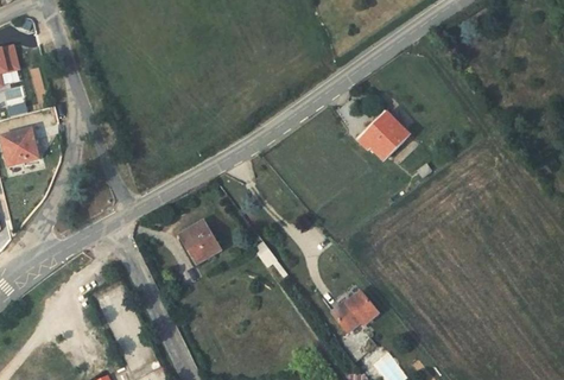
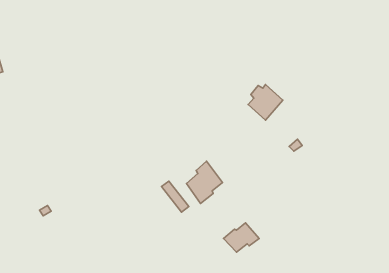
building: none -> [186,161,222,203]
building: [177,222,216,265] -> none

